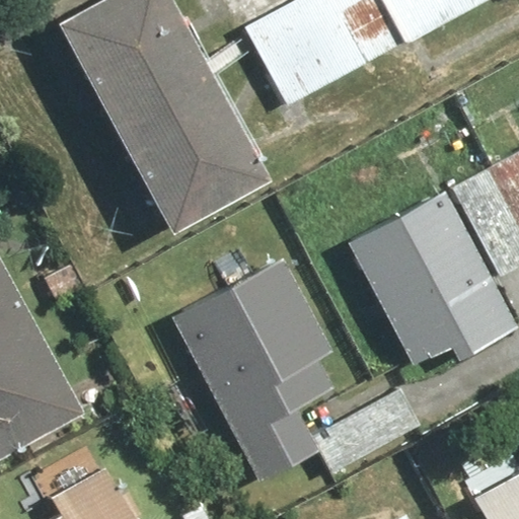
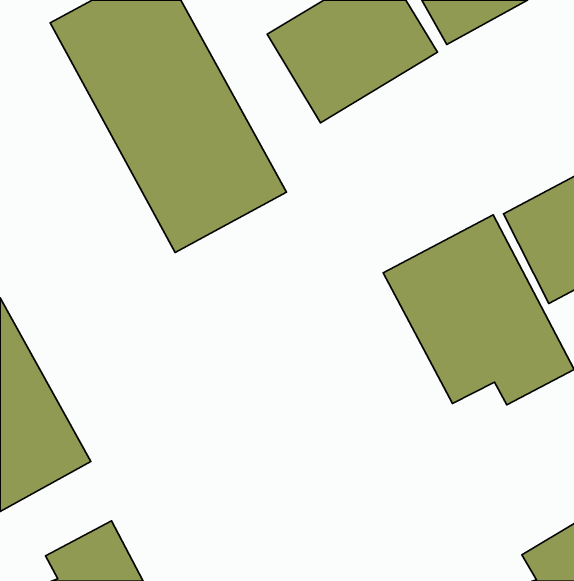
building: [171,254,340,476] -> none

